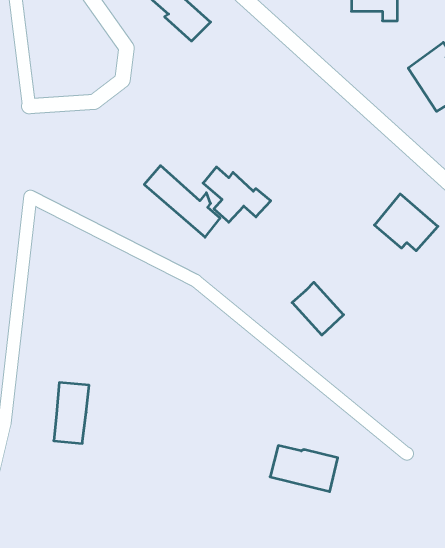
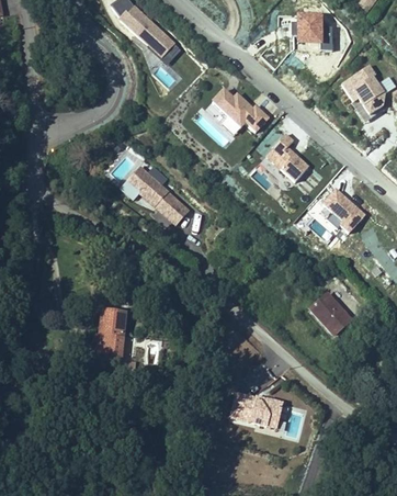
building: none -> [265,134,308,181]
building: [203,167,271,222] -> [213,89,268,134]
building: [292,282,344,335] -> [310,292,352,335]
building: [54,383,89,443] -> [98,309,126,359]

